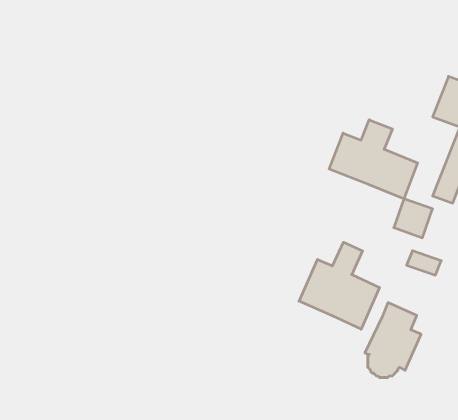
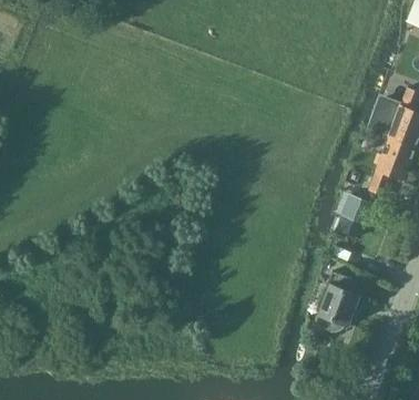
building: [329,120,418,199] -> none
building: [299,242,380,329] -> none

